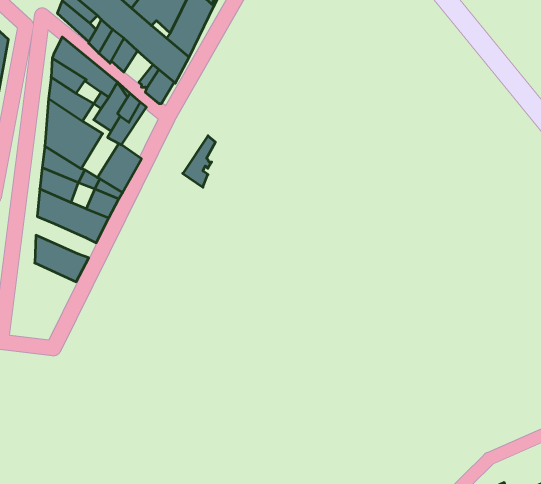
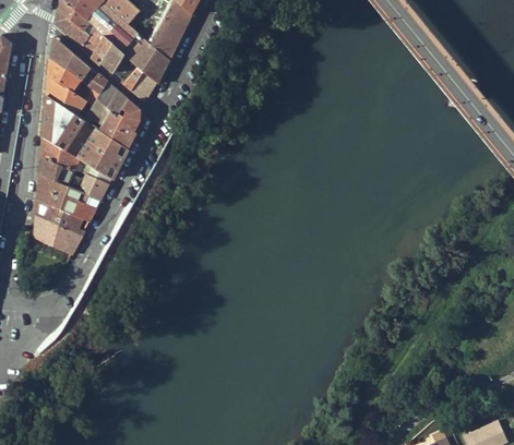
building: [183,136,215,187] -> [110,103,139,147]
building: none -> [46,204,80,230]

